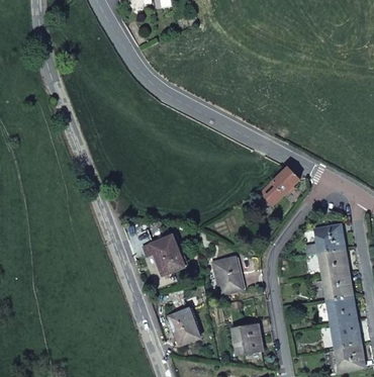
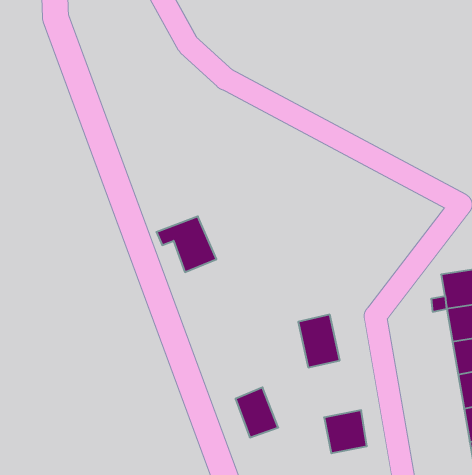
building: [264,166,299,204] -> none
building: [143,234,185,274] -> [156,216,216,272]

